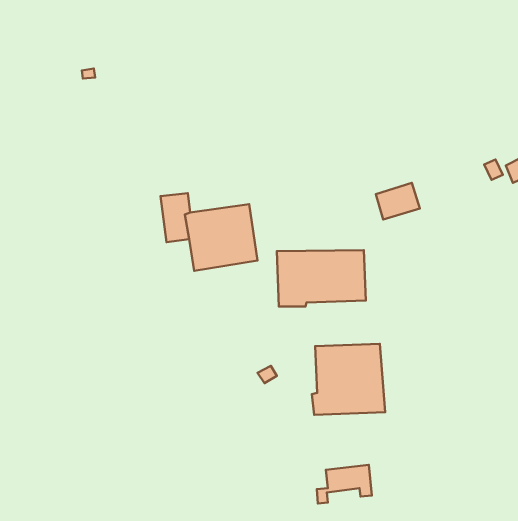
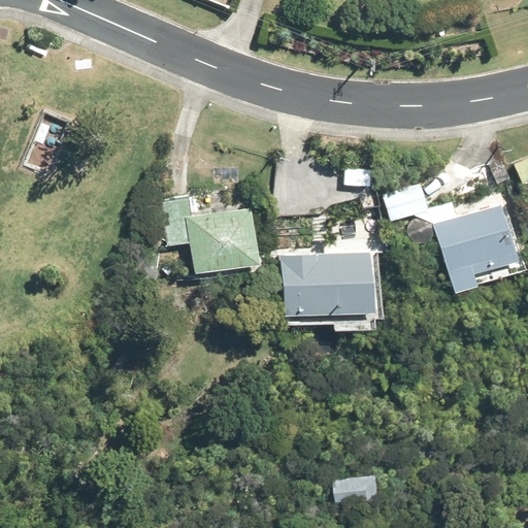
building: none -> [432,205,517,295]
building: [312,344,385,415] -> none

